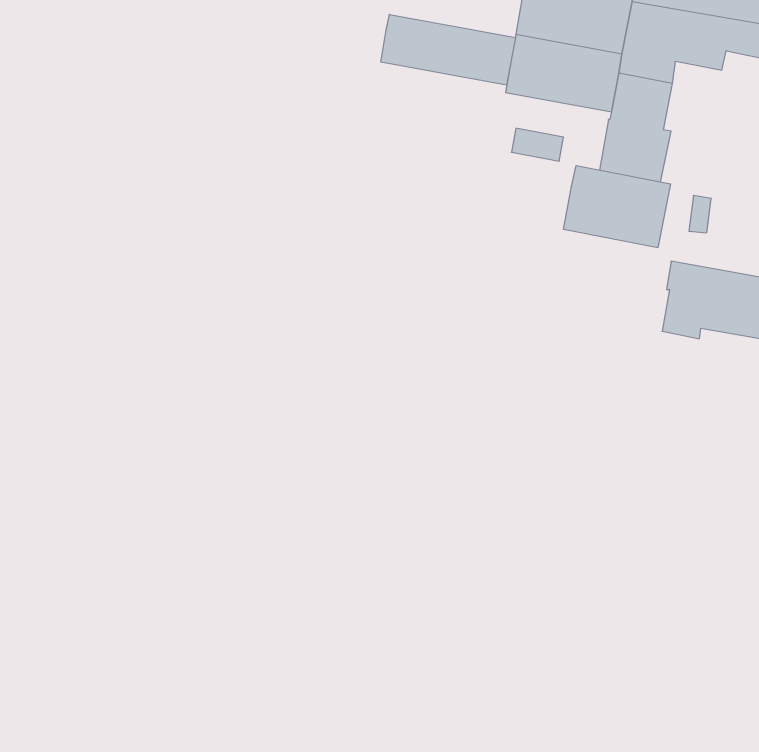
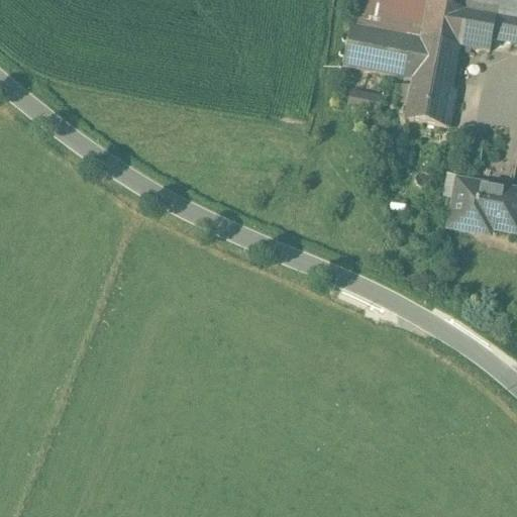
building: [381,14,515,85] -> none
building: [564,166,671,248] -> none

